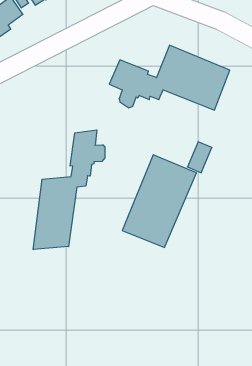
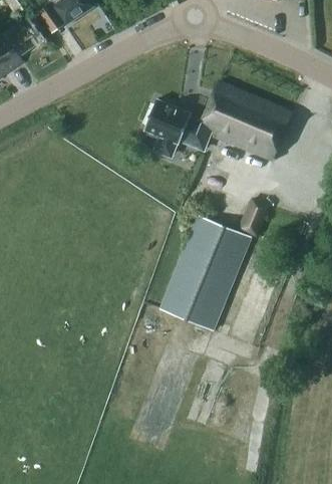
building: [33,130,105,250] -> none

